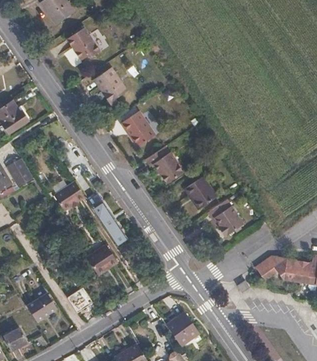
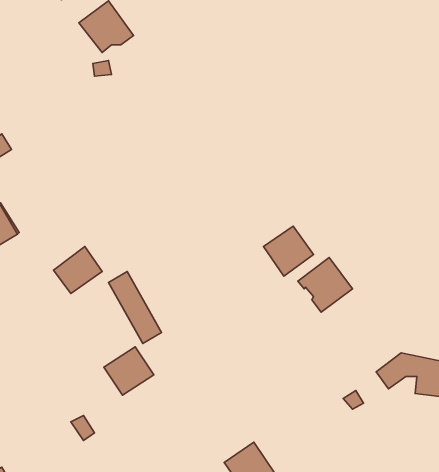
building: [99,66,134,101] -> none
building: [127,108,163,147] -> none
building: [149,145,187,181] -> none
building: [27,293,57,321] -> none

